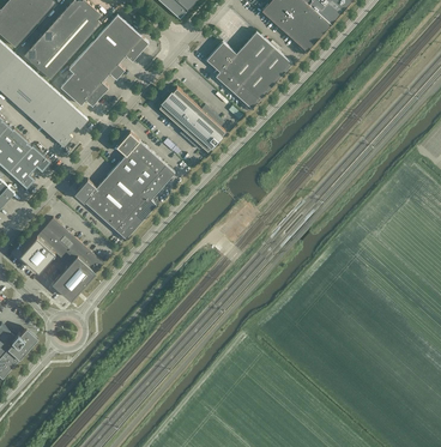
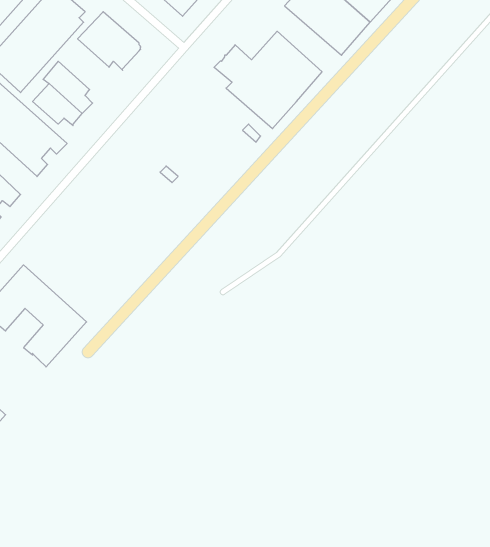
building: [80,36,125,79] -> none
building: [158,87,224,150] -> none
building: [74,132,174,238] -> none

